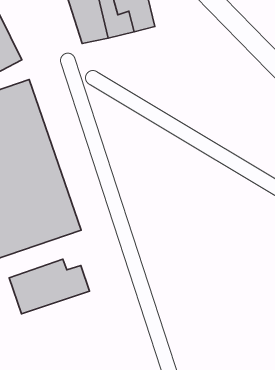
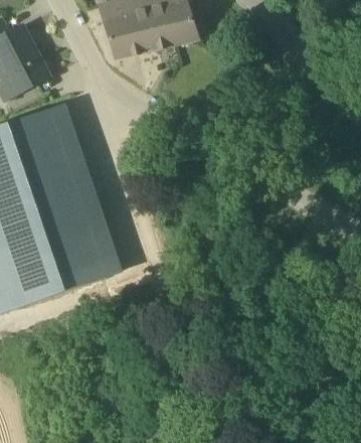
building: [9,259,90,314] -> none

